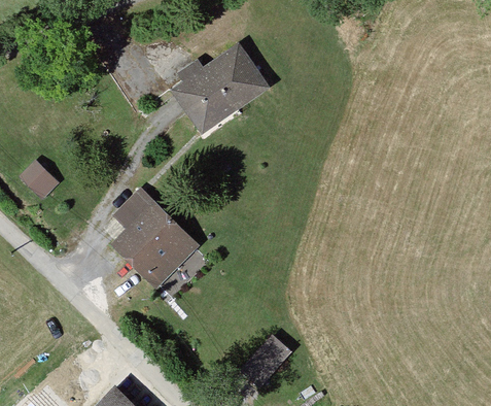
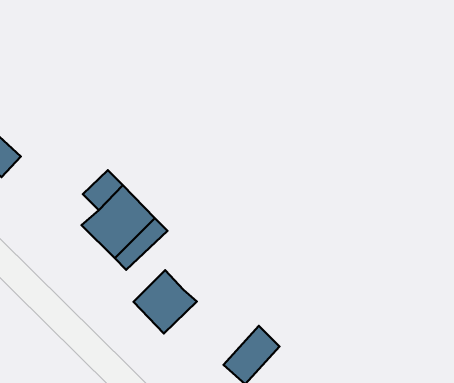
building: [177,50,262,127] -> none
building: none -> [134,270,197,333]

